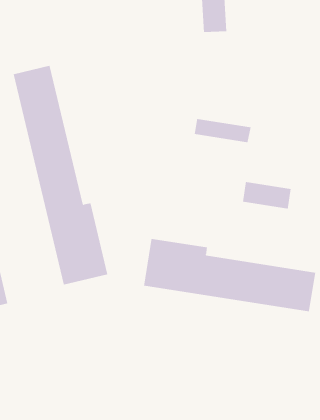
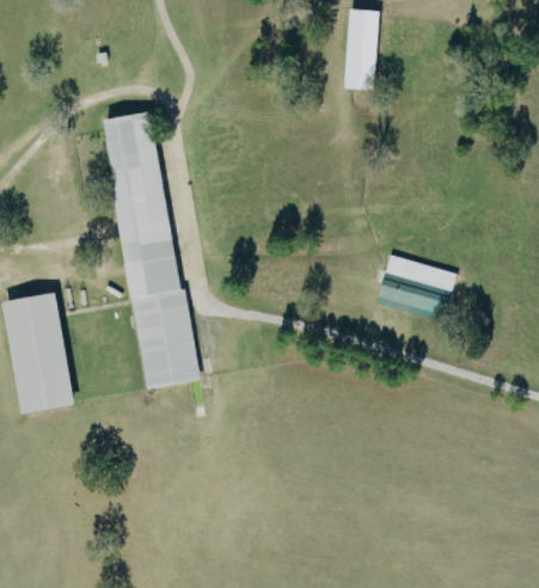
building: [194,119,252,143] -> [386,255,459,290]
building: [144,238,316,312] -> none

